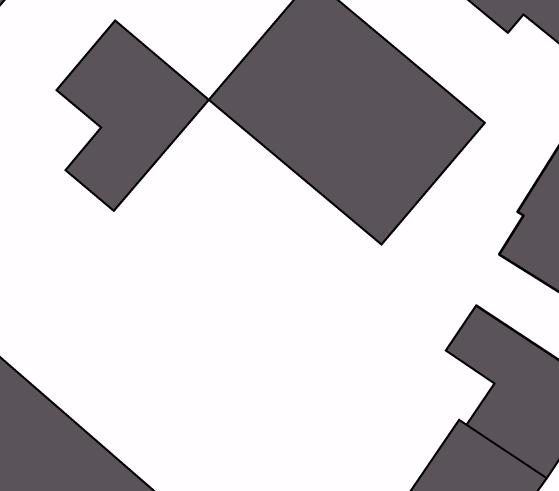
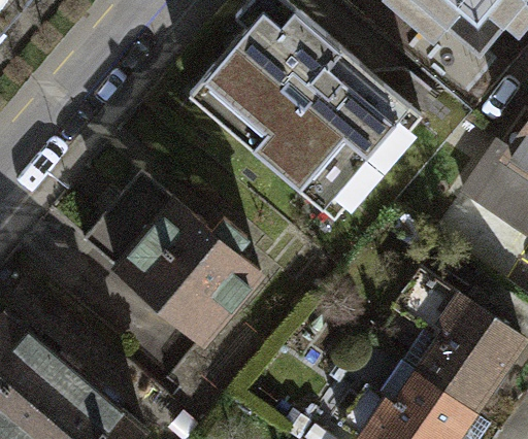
building: [56,21,209,211] -> none
building: none -> [81,173,261,343]

